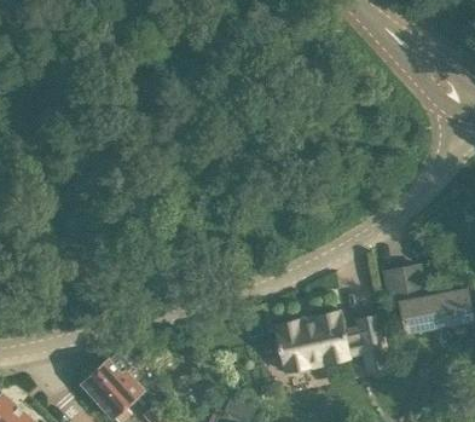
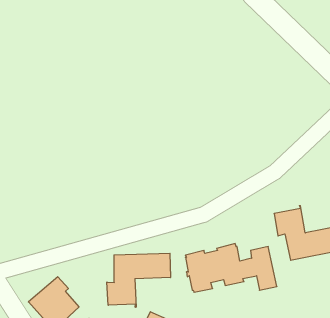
building: none -> [107,253,170,307]

